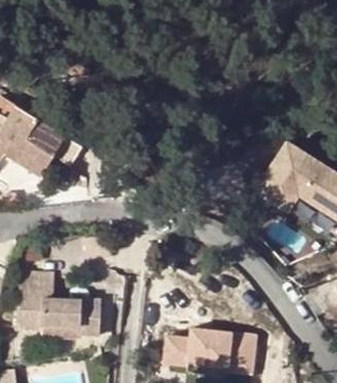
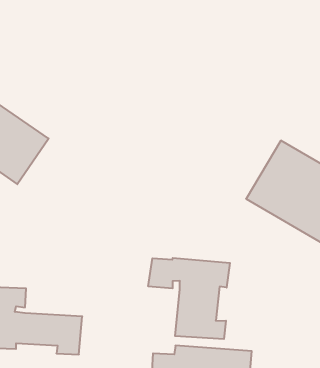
building: none -> [148,258,230,339]

